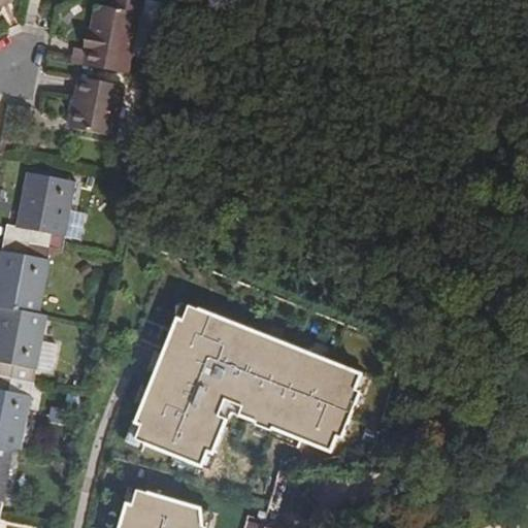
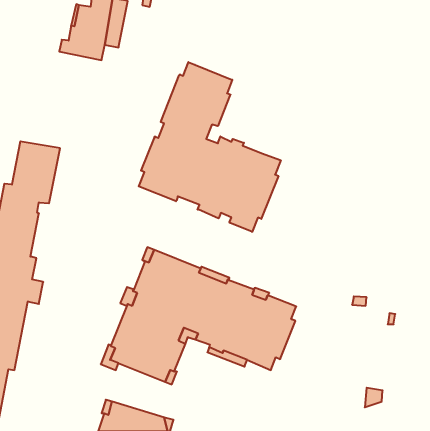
building: none -> [139,62,281,232]
building: [68,77,122,135] -> none

